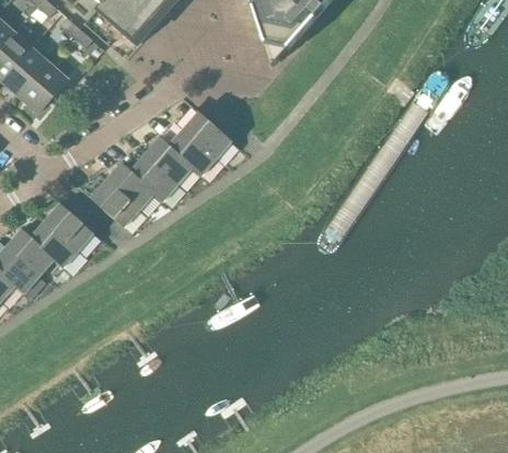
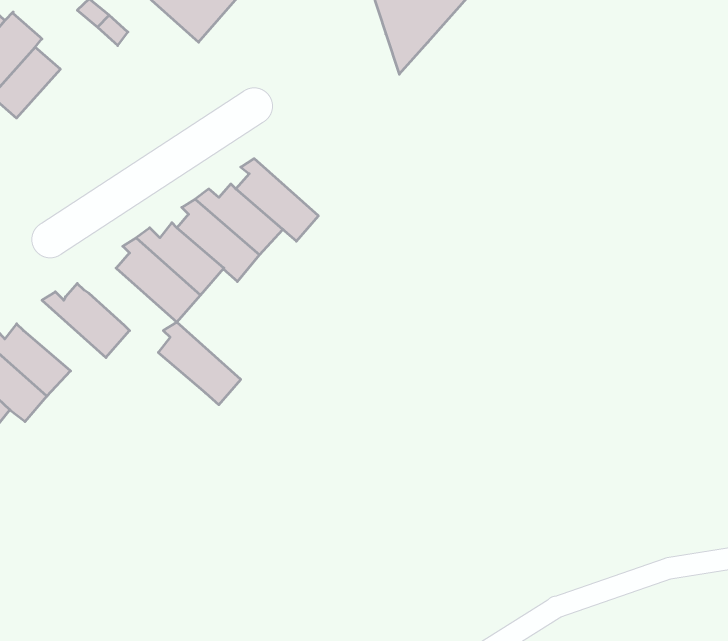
building: [20,63,67,112] -> none
building: [174,112,232,159] -> none
building: [24,213,78,267] -> [158,322,241,405]

